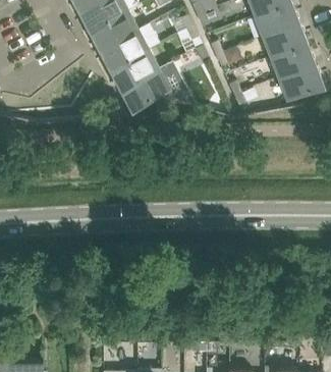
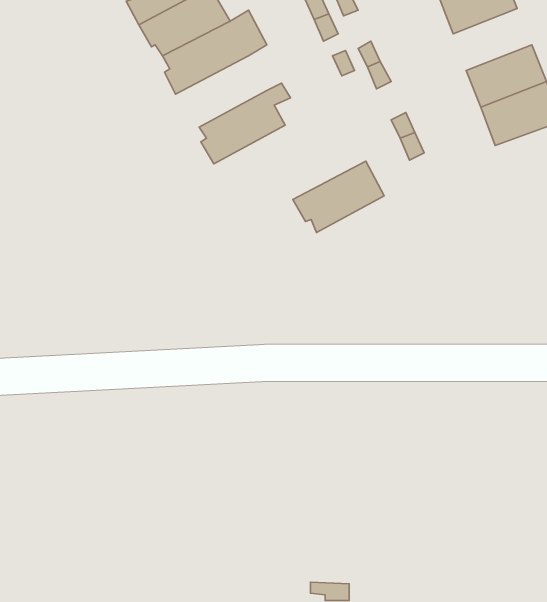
building: [263,23,307,58] -> none
building: [108,50,159,90] -> [293,161,384,232]

